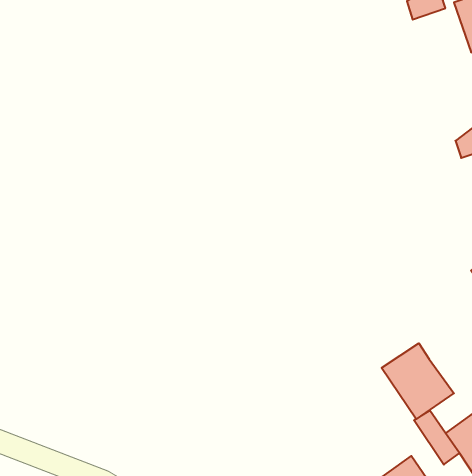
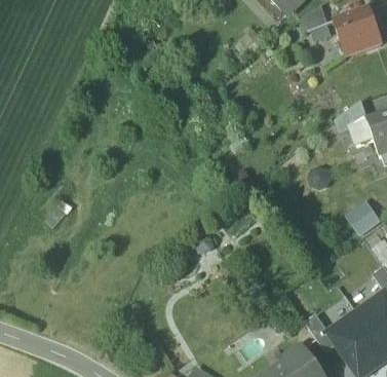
building: [382,343,454,419] -> none

